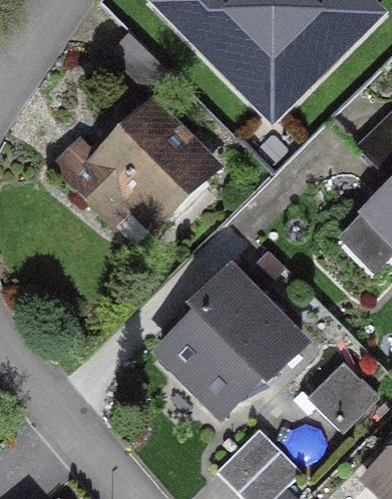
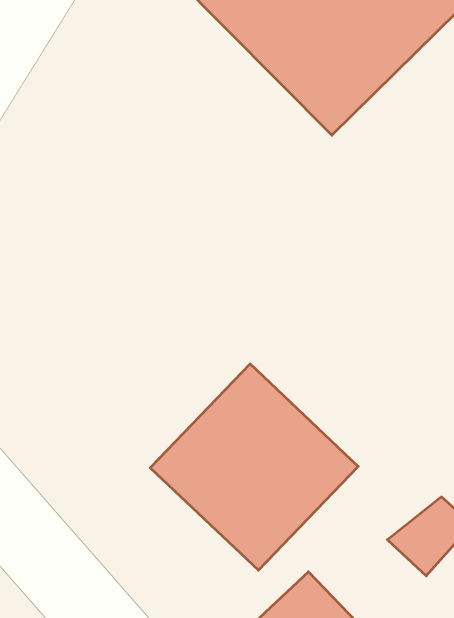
building: [57,107,211,224] -> none

